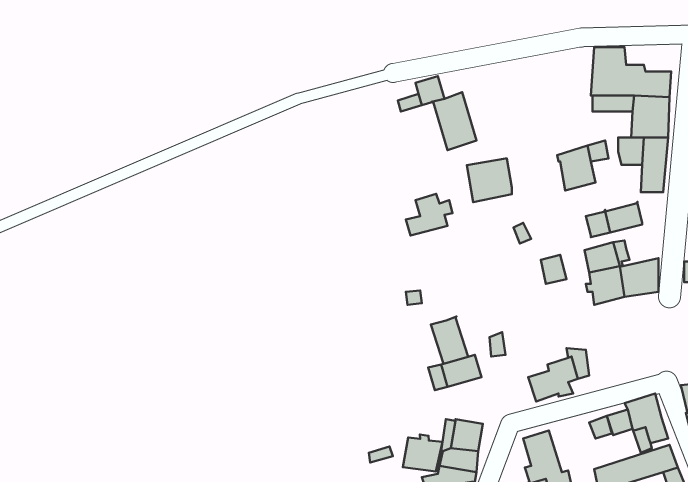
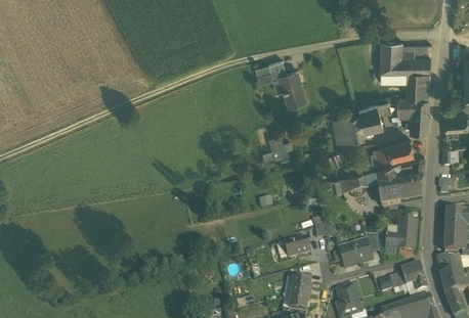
building: [467,159,512,202] -> [334,112,363,140]
building: [431,317,468,364] -> none
building: none -> [385,217,416,247]
building: [403,434,443,471] -> none

